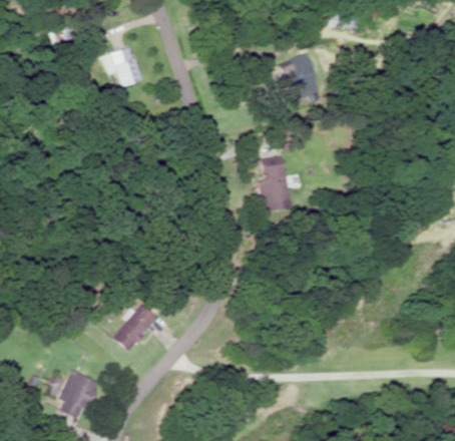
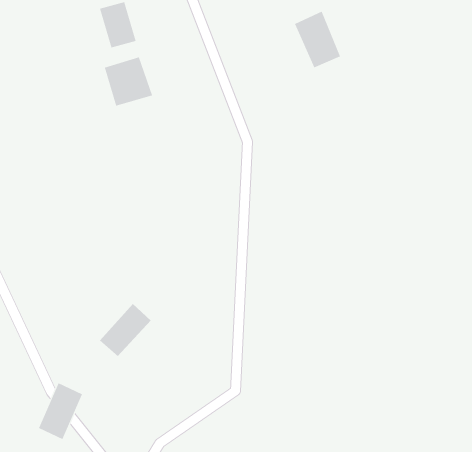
building: none -> [104,57,153,106]
building: [259,154,292,209] -> none

